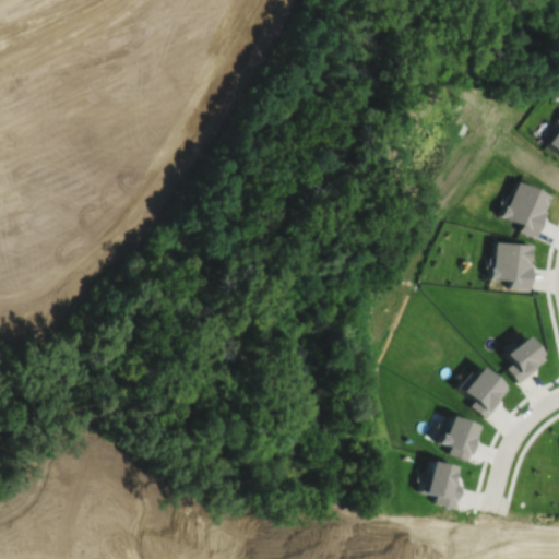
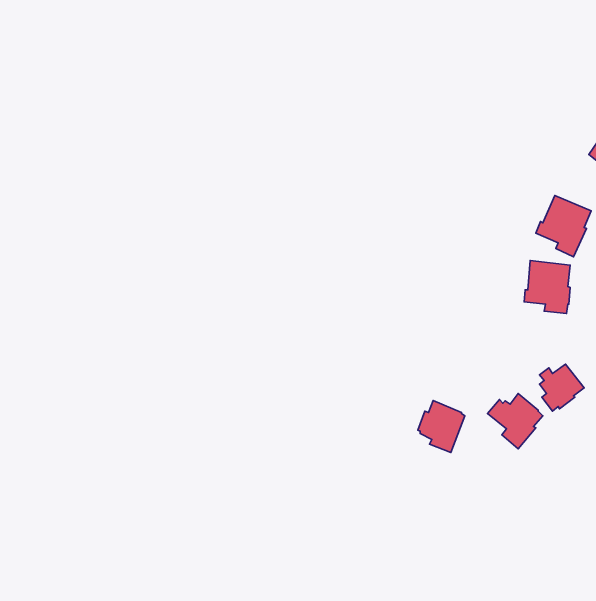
building: [438,411,481,459] -> [418,401,465,452]
building: [420,457,463,508] -> none

